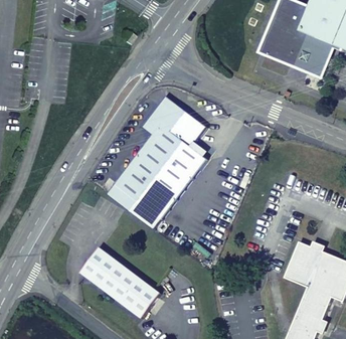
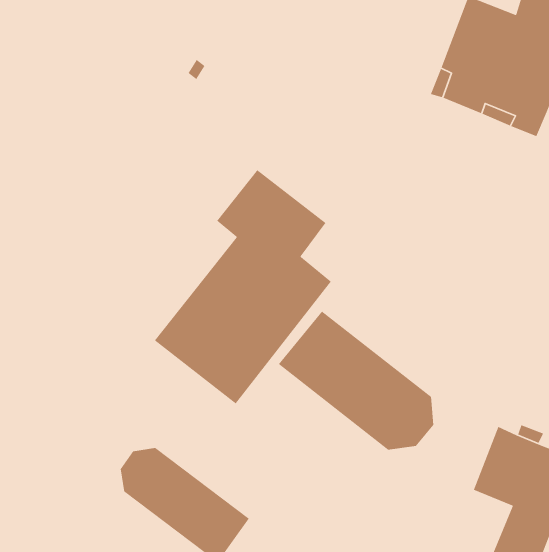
building: none -> [278,310,434,450]

